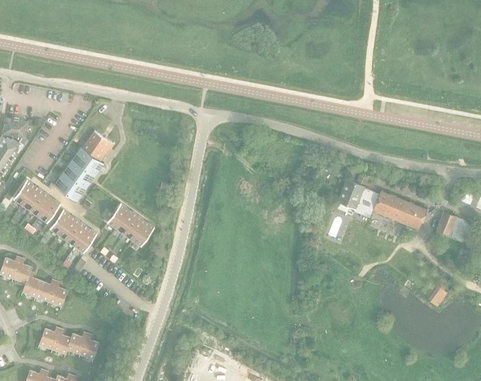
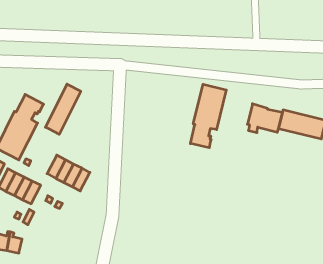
building: none -> [45,84,81,134]
building: none -> [190,84,226,148]

